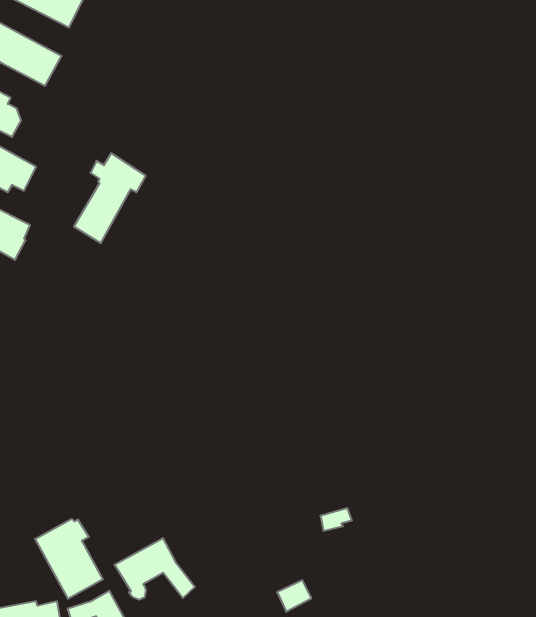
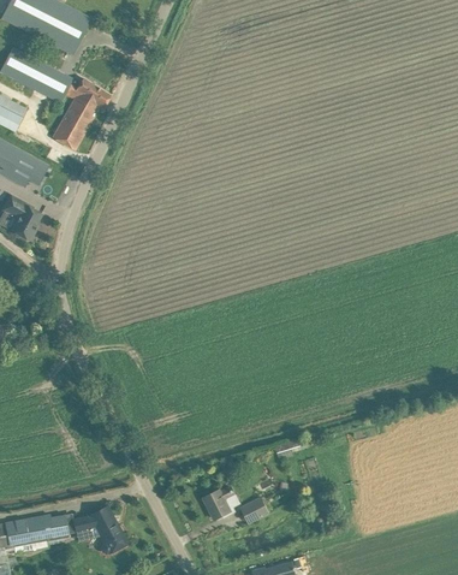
building: [74,153,146,243] -> [52,77,109,149]
building: [35,519,103,599] -> none
building: [114,538,195,600] -> none
building: none -> [203,486,234,518]

